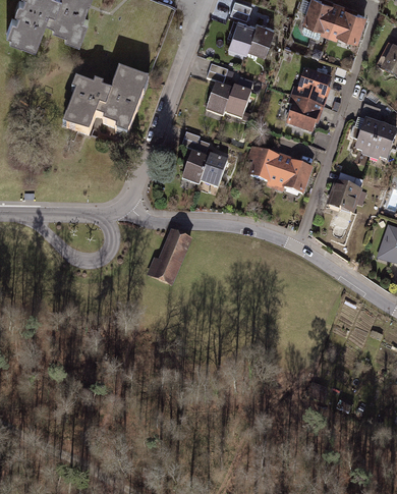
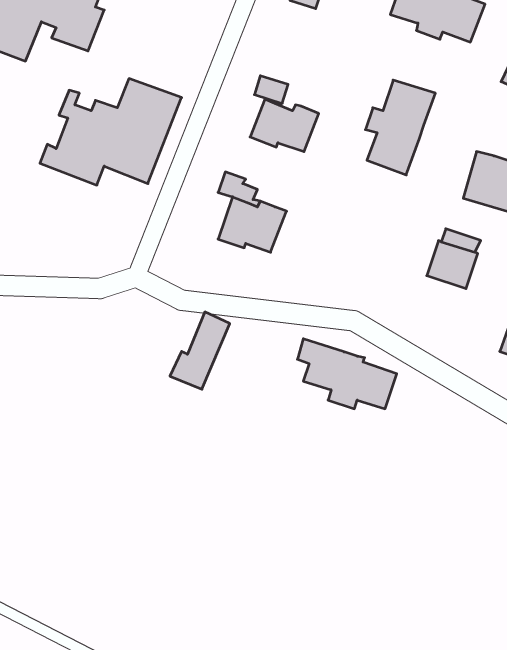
building: [228,16,275,53] -> none
building: [247,145,317,194] -> [297,339,397,409]

